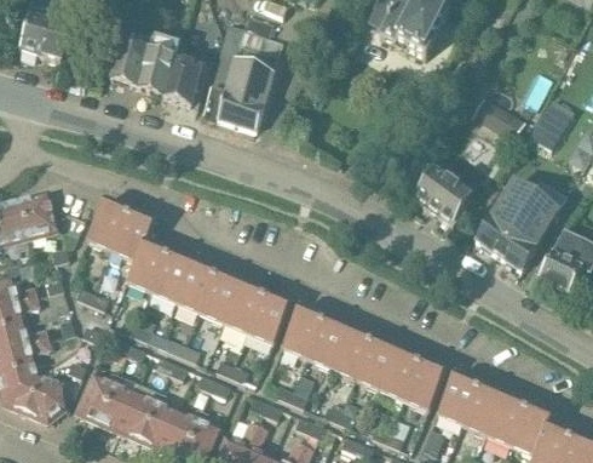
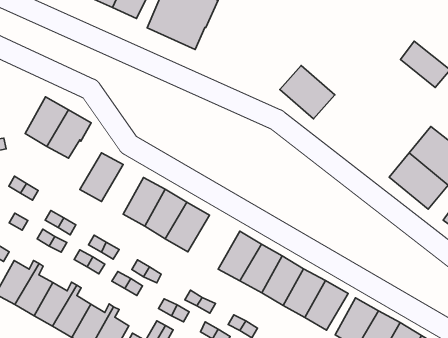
building: [414,172,472,227] -> [280,65,335,119]
building: [127,240,171,292] -> none
building: [177,261,218,313] -> none
building: [282,307,326,359] -> none

